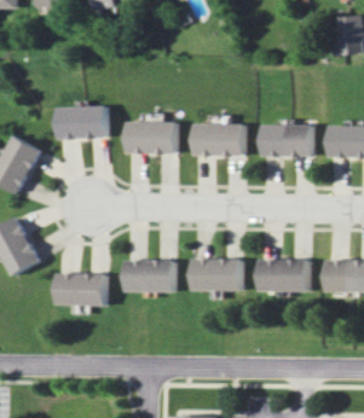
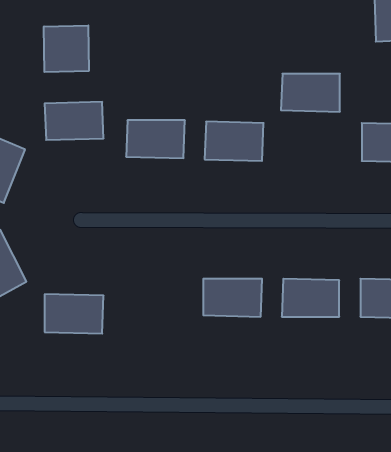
building: none -> [44,25,89,72]
building: [260,124,311,157] -> [281,74,340,112]
building: [123,260,174,292] -> none

